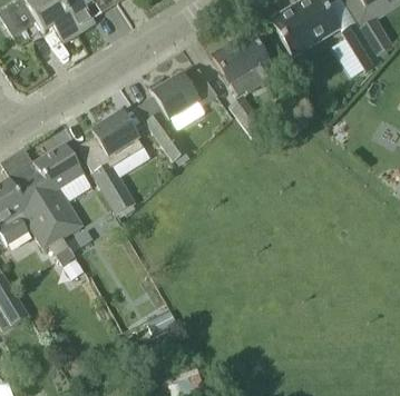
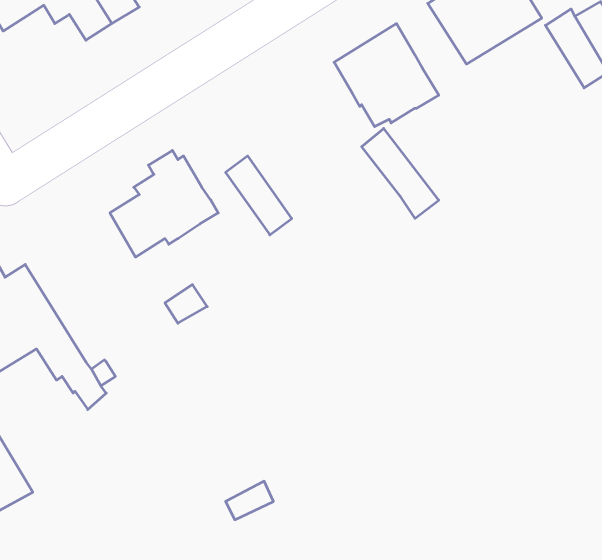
building: [148,70,217,119] -> none
building: [26,142,84,236] -> none
building: [92,161,127,200] -> none

